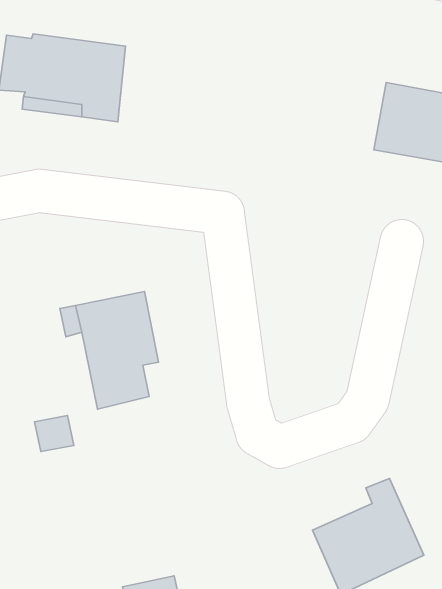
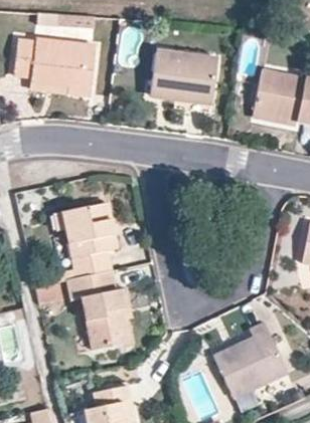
building: none -> [149,52,216,101]
building: none -> [66,270,130,349]

